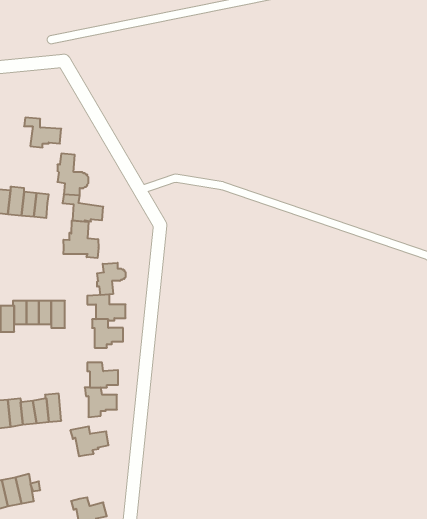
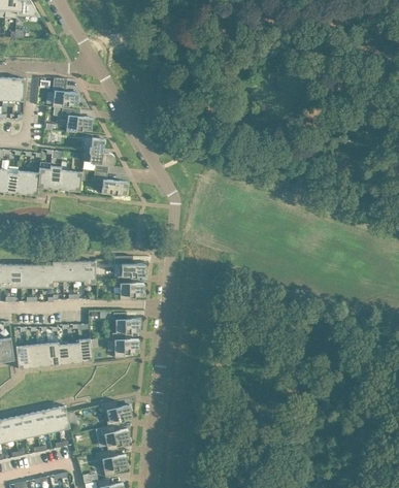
building: none -> [51,77,76,107]
building: [63,221,98,258] -> none
building: [97,263,126,295] -> none
building: [70,426,109,456] -> [99,400,131,425]

